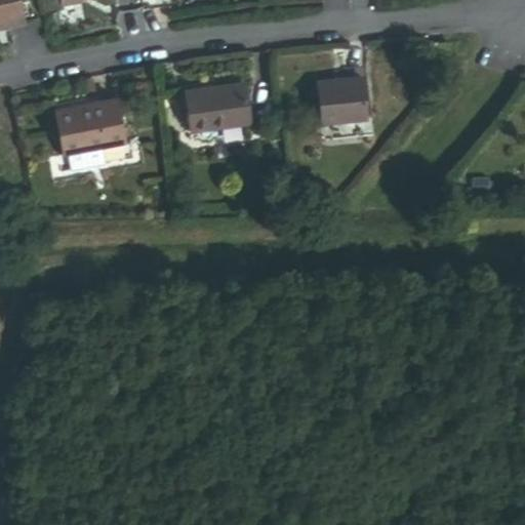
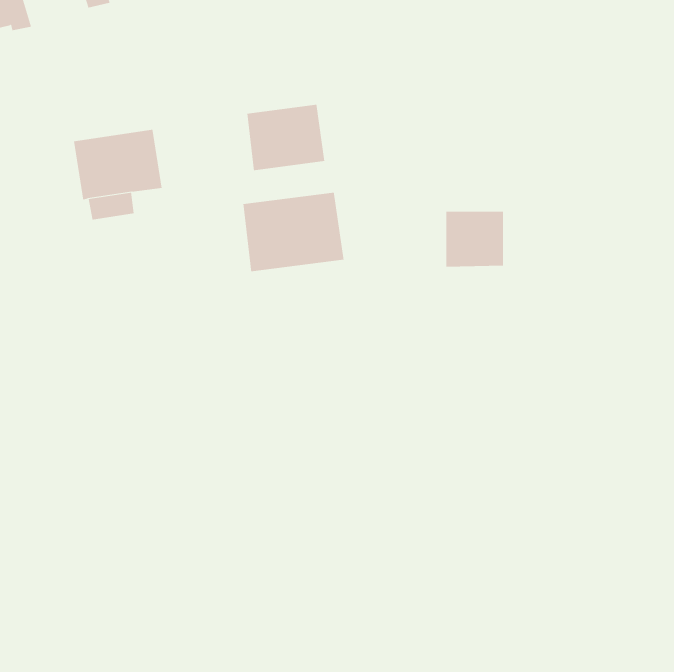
building: [320,79,365,122] -> [445,211,504,267]
building: none -> [243,192,344,272]

